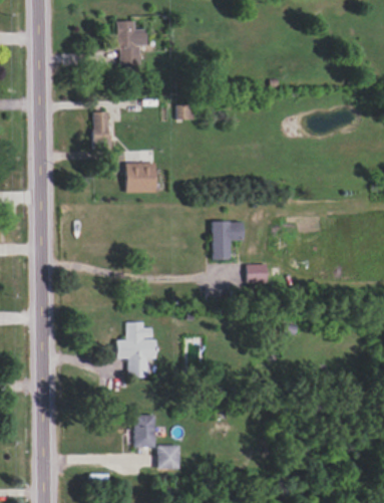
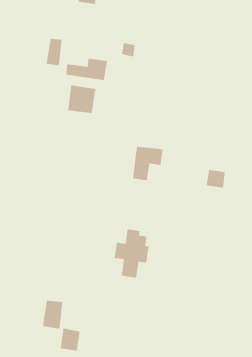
building: none -> [66,58,107,81]
building: [247,264,268,283] -> [206,169,225,188]
building: [117,322,156,378] -> [114,229,150,278]

